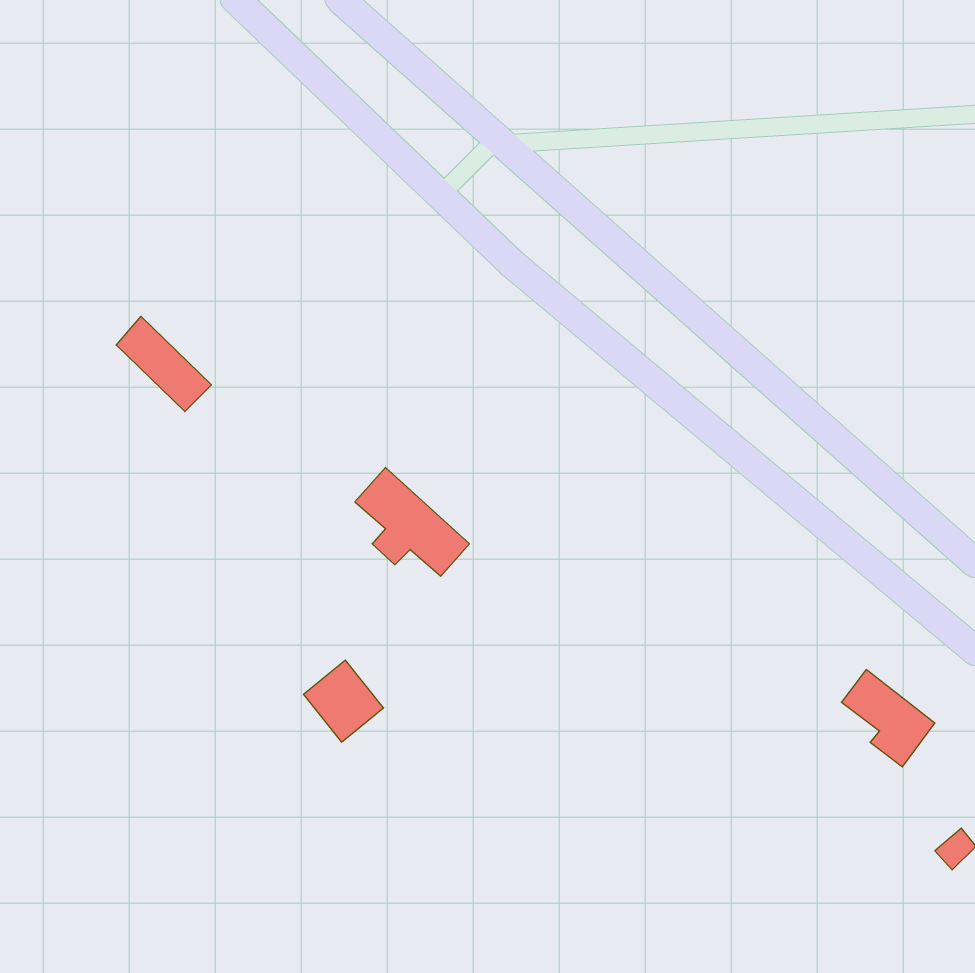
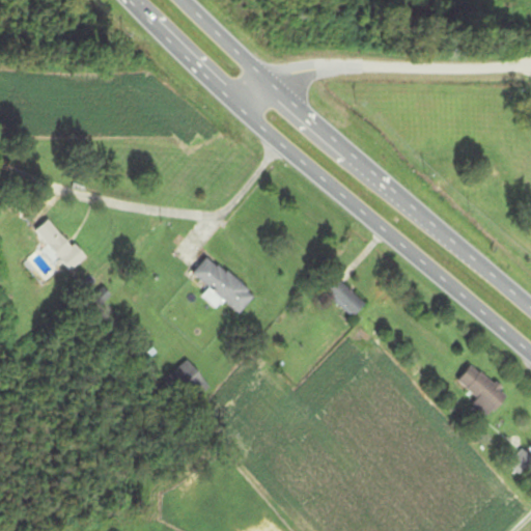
building: [116,316,211,412] -> [34,218,86,270]
building: none -> [327,279,365,317]

